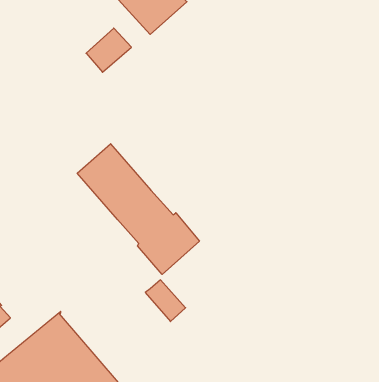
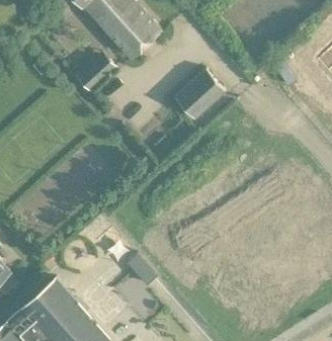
building: none -> [174,71,230,132]
building: [77,144,199,274] -> none

